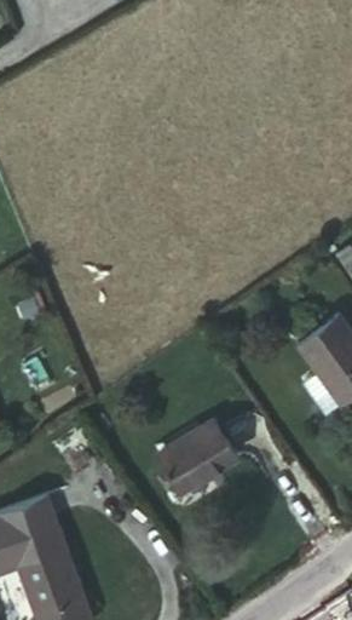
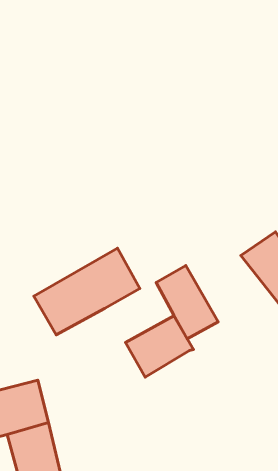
building: none -> [34,248,140,335]
building: none -> [156,265,218,339]

